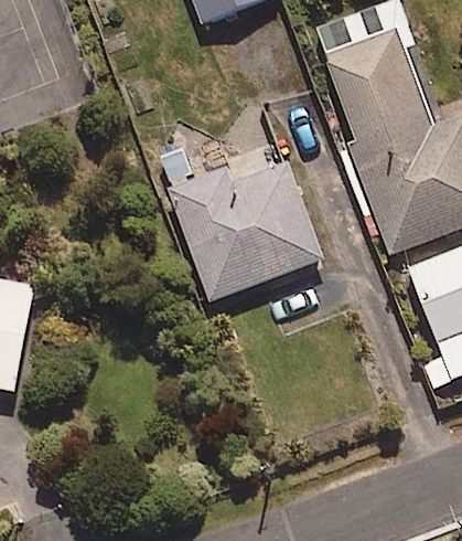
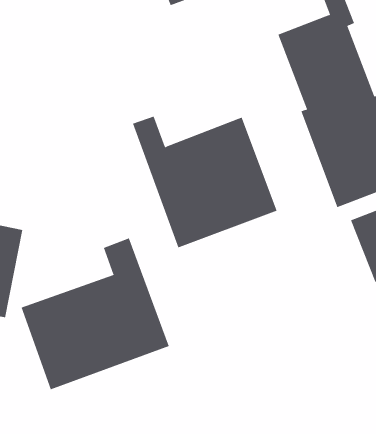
building: none -> [21,237,169,390]

